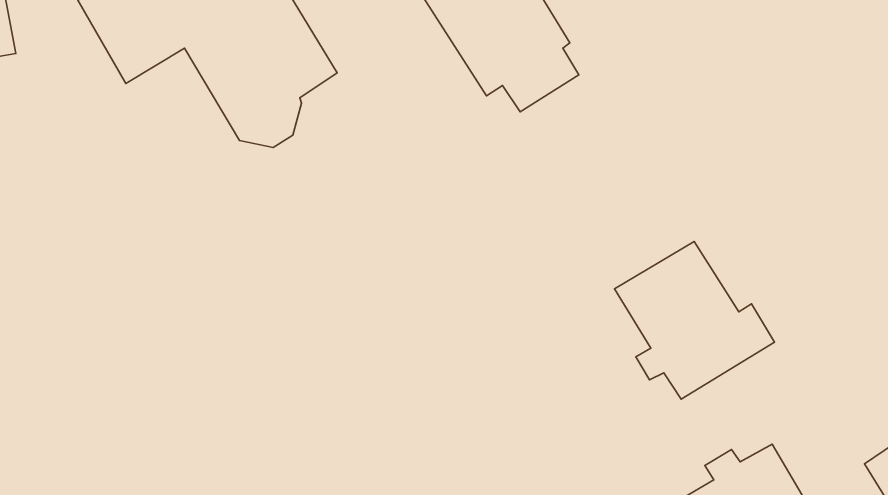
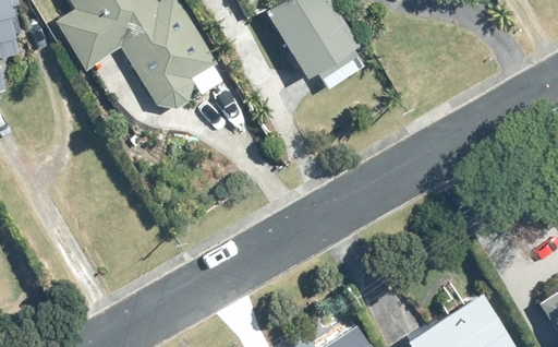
building: [615,241,774,399] -> none

